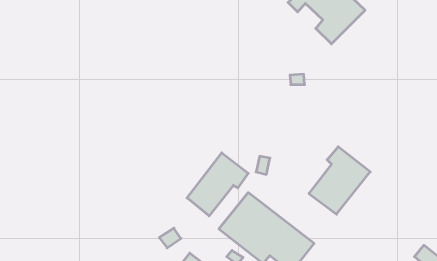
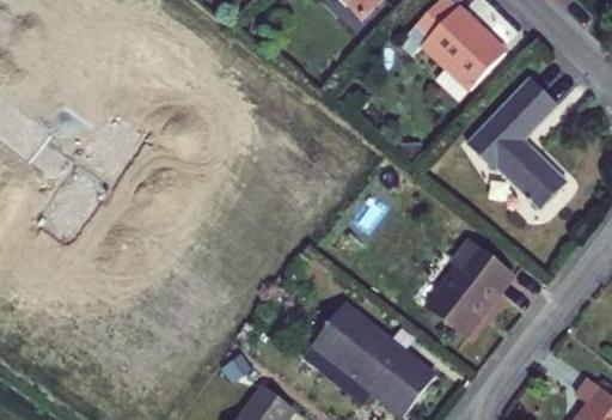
building: none -> [469,75,567,207]
building: [187,153,248,216] -> none

